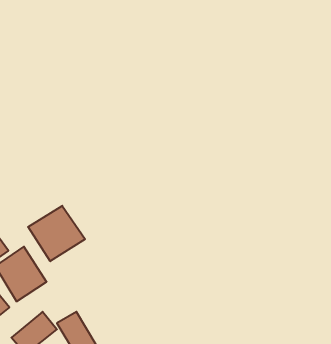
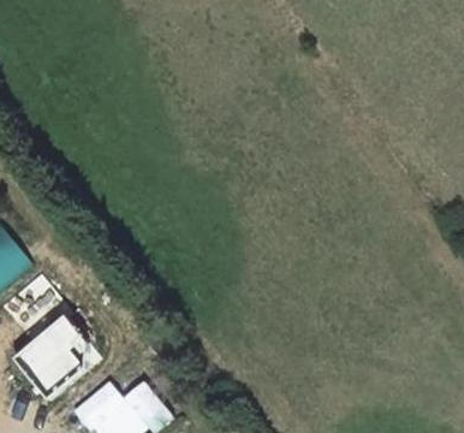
building: [28,206,85,261] -> none

